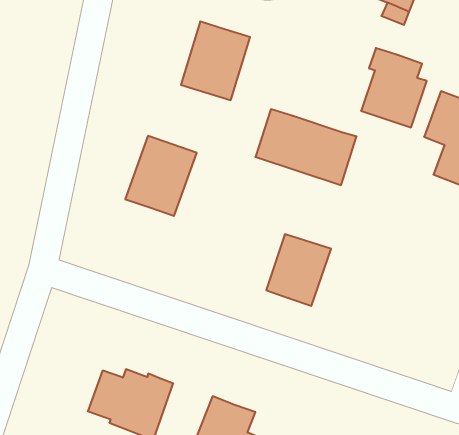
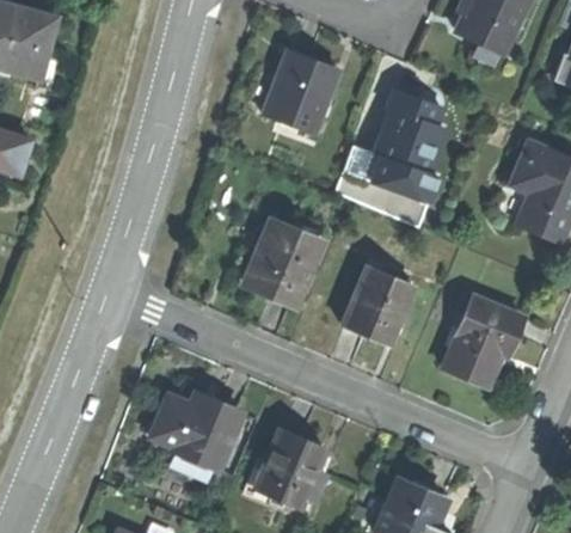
building: [361,48,427,127] -> [379,86,448,170]
building: [125,136,197,216] -> [241,223,318,307]
building: none -> [442,296,520,386]

